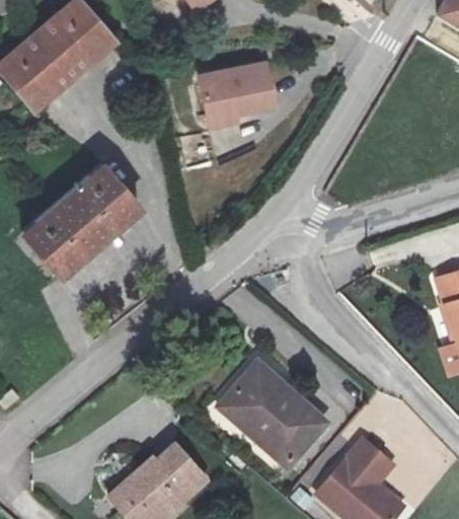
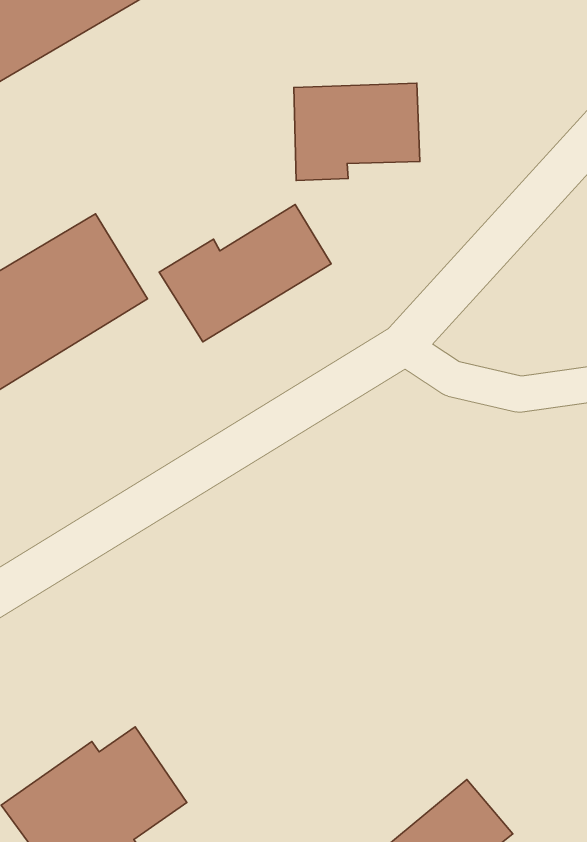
building: none -> [159,204,331,342]
building: [218,361,327,466] -> none

